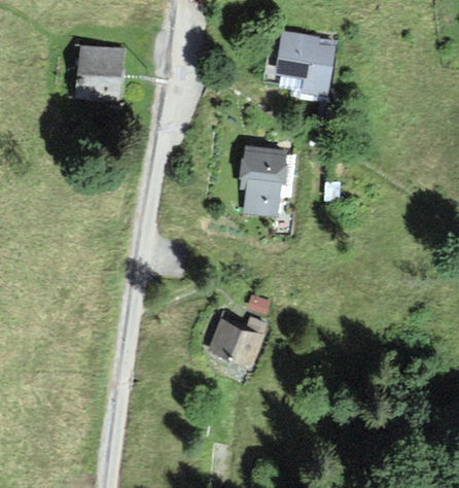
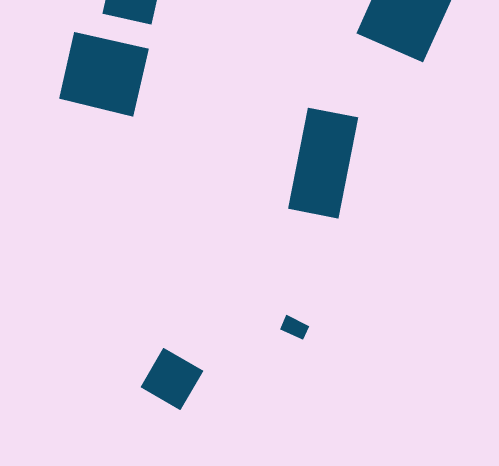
building: none -> [58,31,150,118]
building: [211,319,257,364] -> [139,347,204,411]

